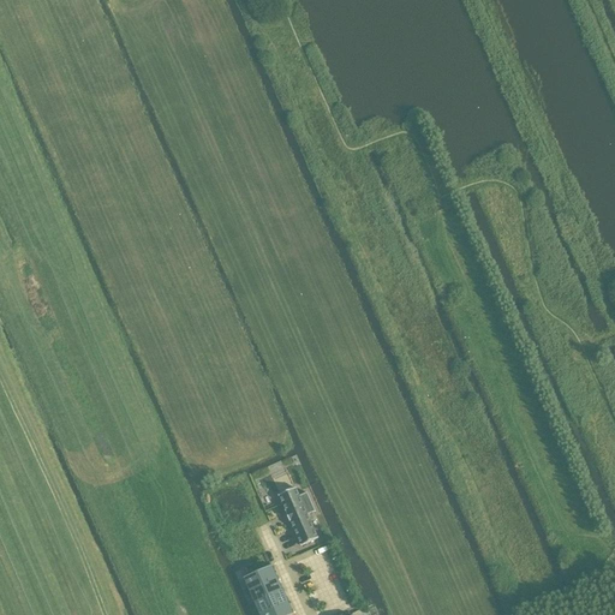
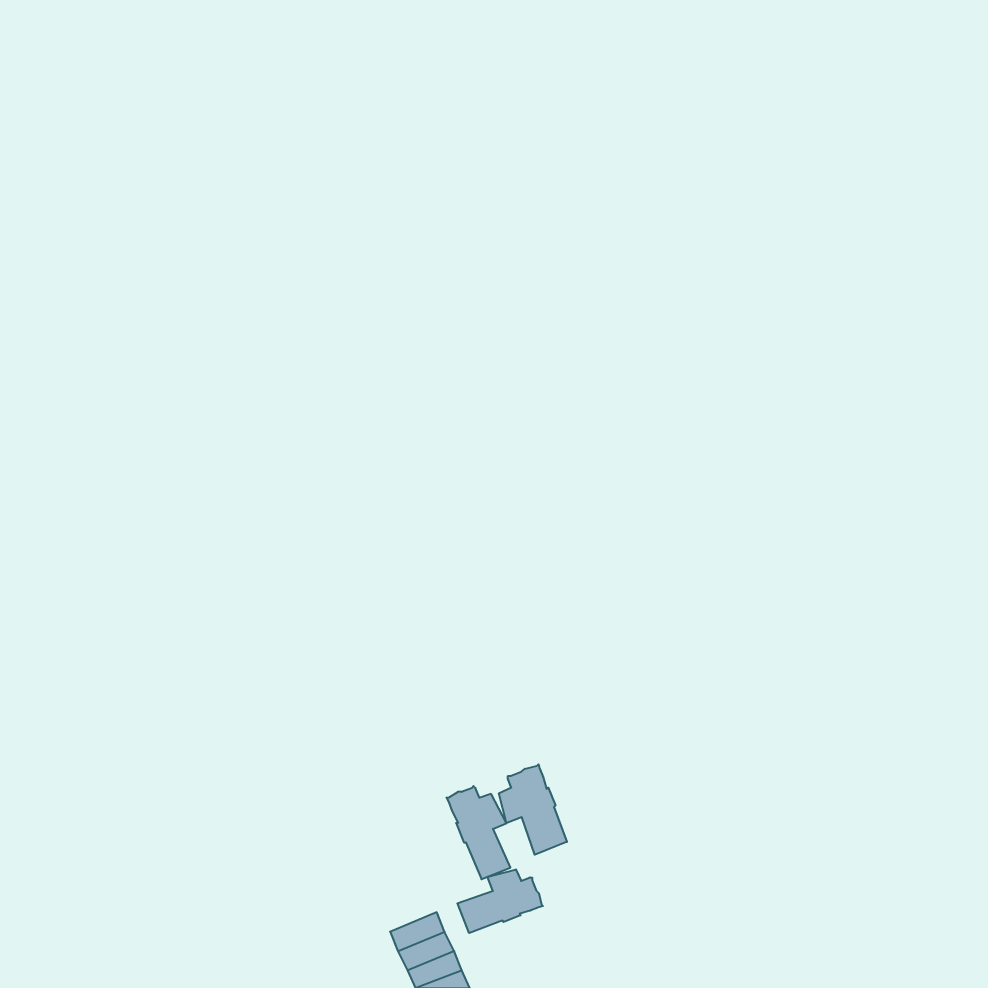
building: none -> [499,764,567,855]
building: none -> [457,869,543,933]

